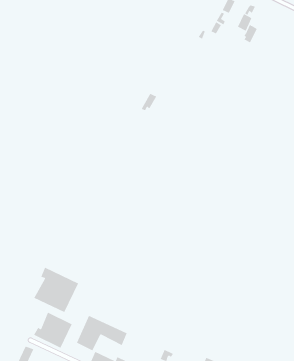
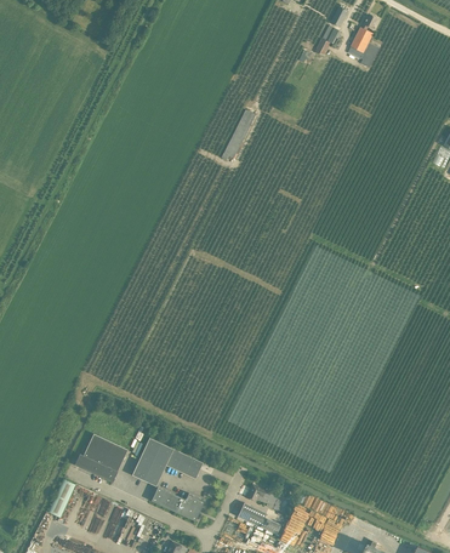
building: [34,267,79,313] -> none

